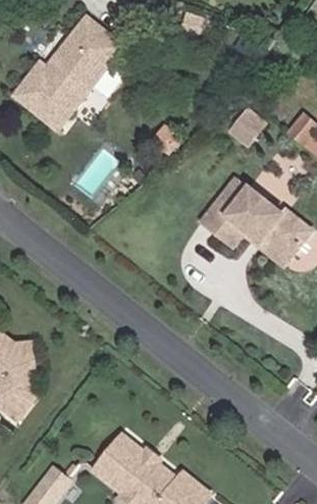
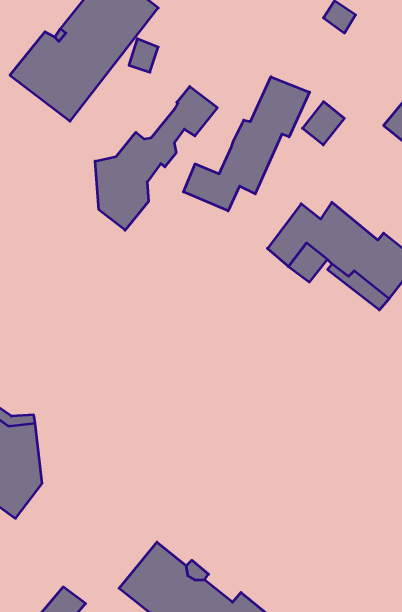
building: none -> [183,77,310,211]
building: none -> [95,86,217,230]

